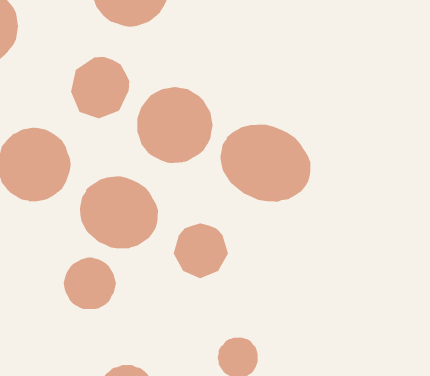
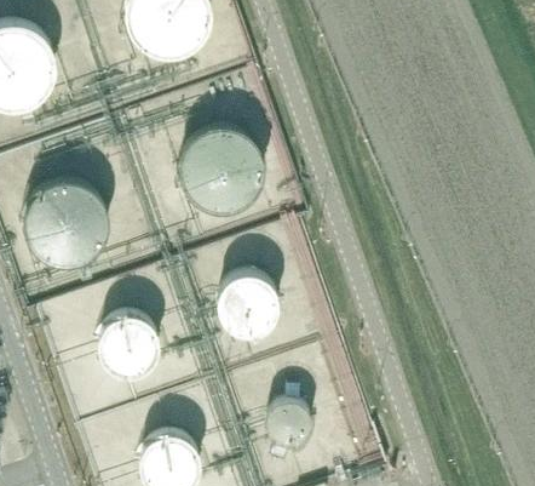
building: [70,56,130,119] -> none
building: [220,124,311,202] -> none
building: [79,176,159,249] -> none

